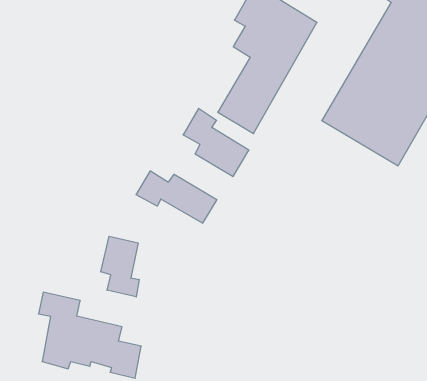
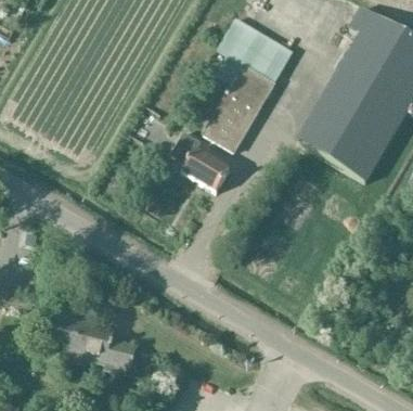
building: [136,171,217,223] -> none
building: [101,236,139,297] -> none

